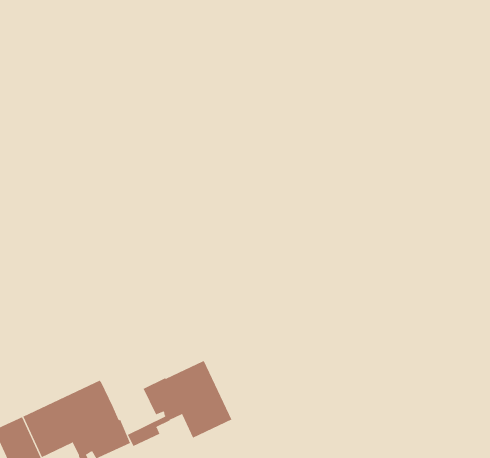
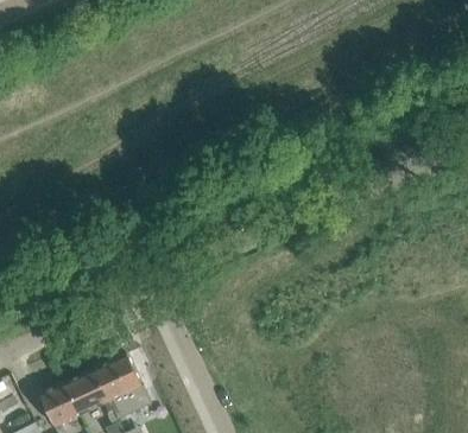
building: [127,361,232,447] -> none

